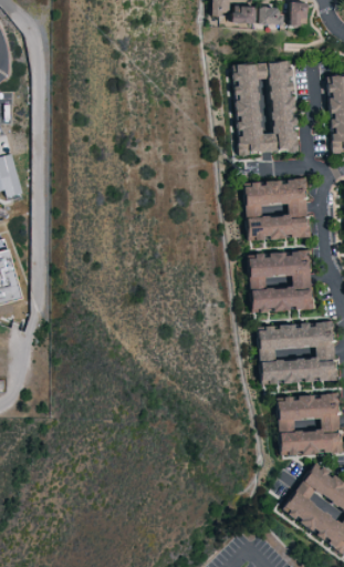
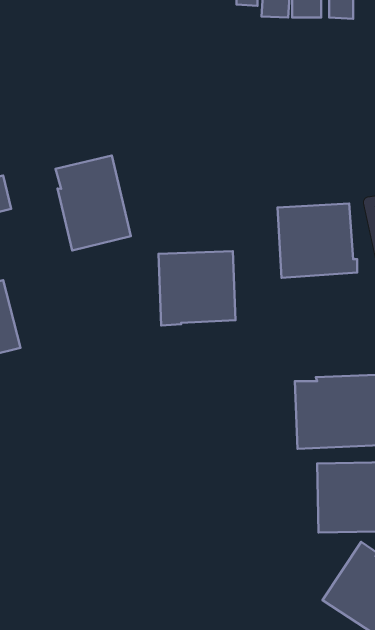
building: [234,62,298,154] -> none
building: none -> [56,155,131,250]
building: [249,251,313,313] -> [159,251,235,326]

